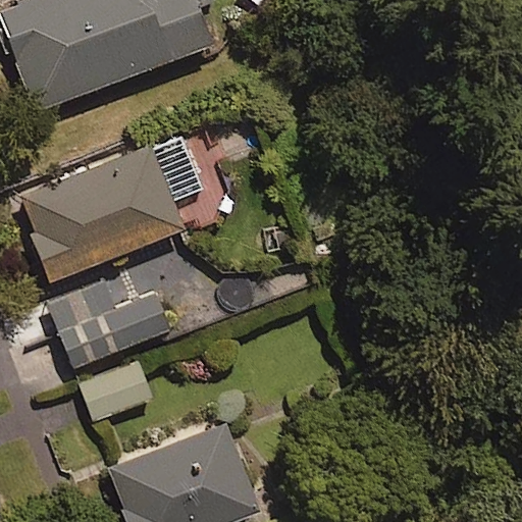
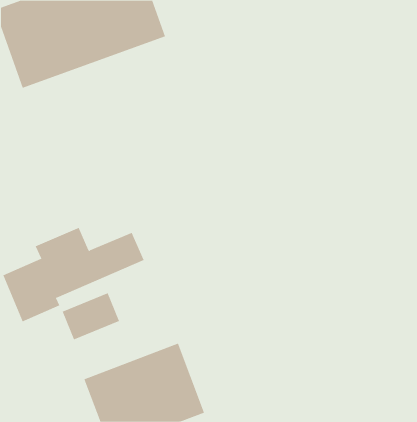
building: [25,135,203,280] -> none

